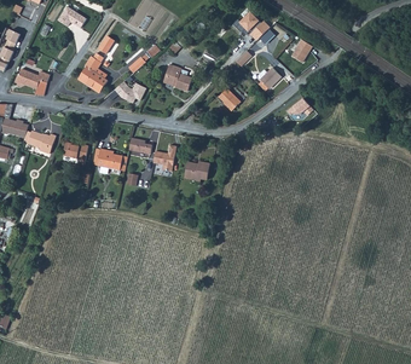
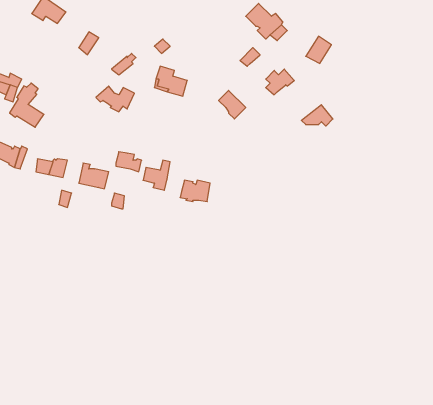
building: [77,53,106,91] -> [10,83,44,127]

